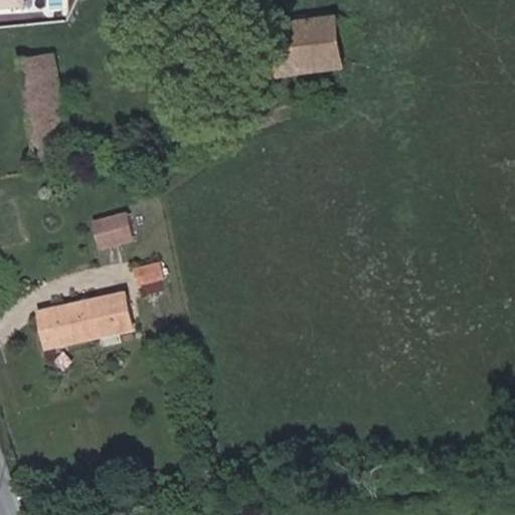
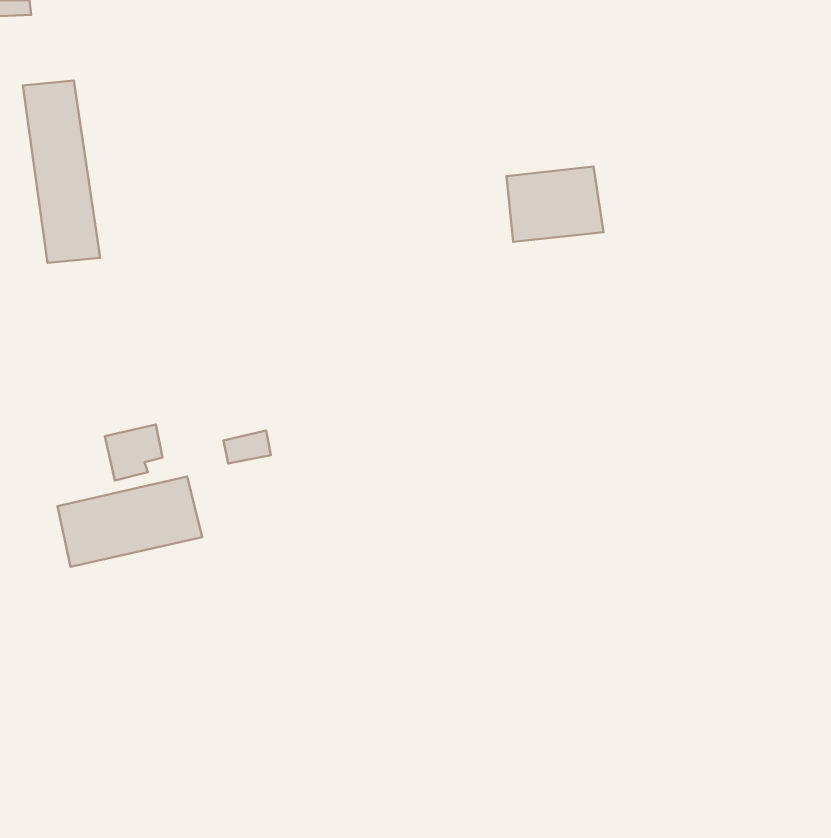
building: [288,24,347,70] -> [506,166,603,242]
building: [97,215,132,249] -> [105,425,162,480]

